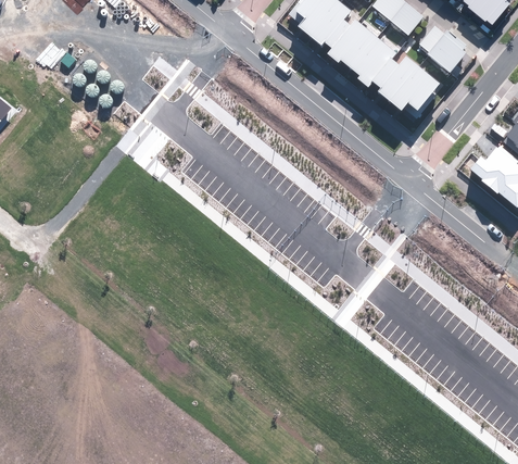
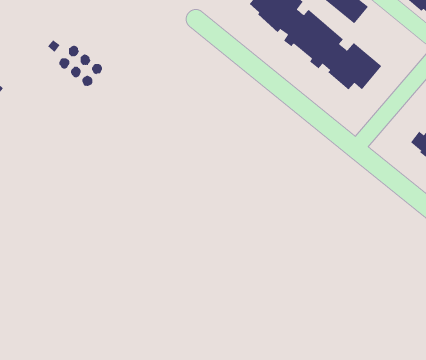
building: [418,26,467,73] -> none

